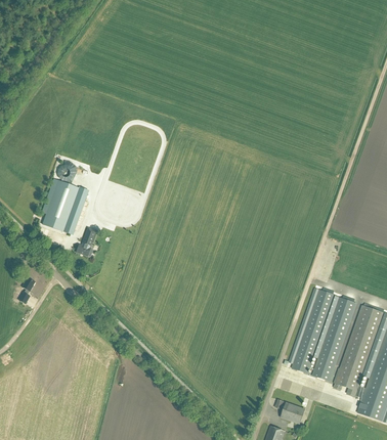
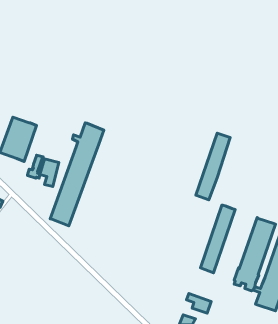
building: none -> [50,123,104,226]
building: none -> [40,159,59,187]
building: [311,297,354,380] -> [196,133,230,200]

